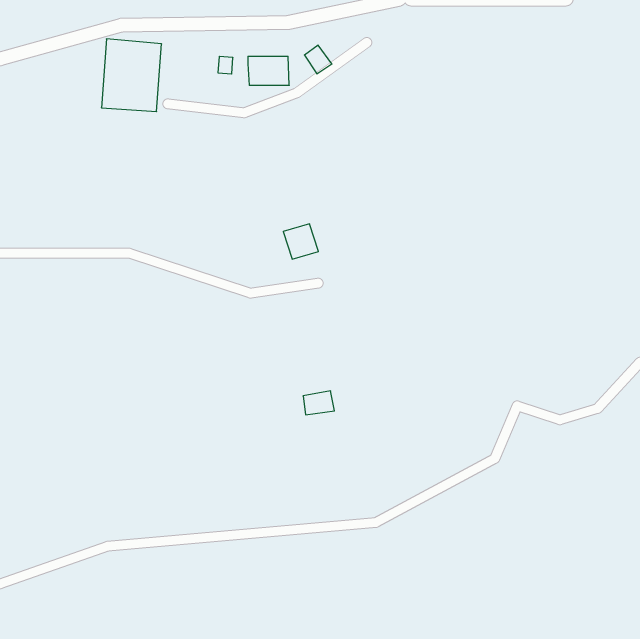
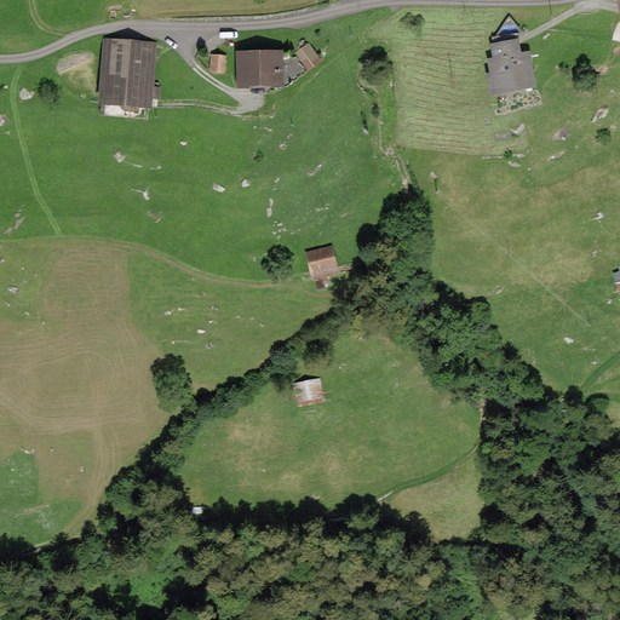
building: none -> [483,38,536,94]
building: [283,224,318,259] -> [305,245,339,279]

